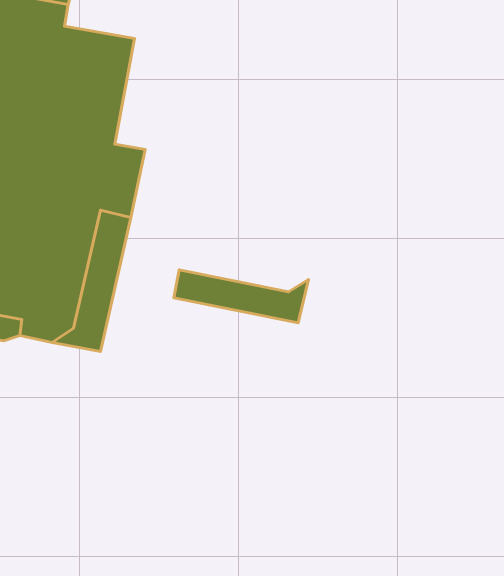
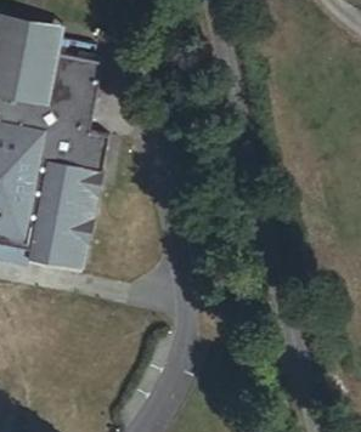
building: [174,270,309,323] -> none

